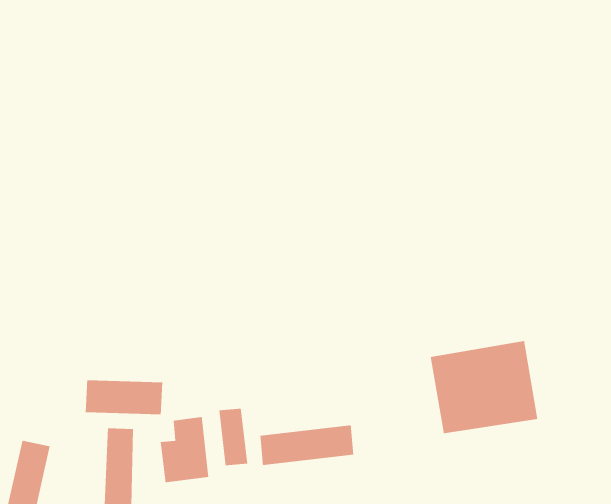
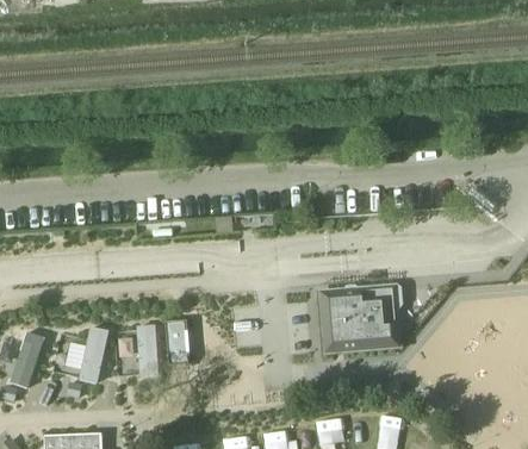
building: [85,380,163,415] -> none
building: [260,425,354,466] -> none

